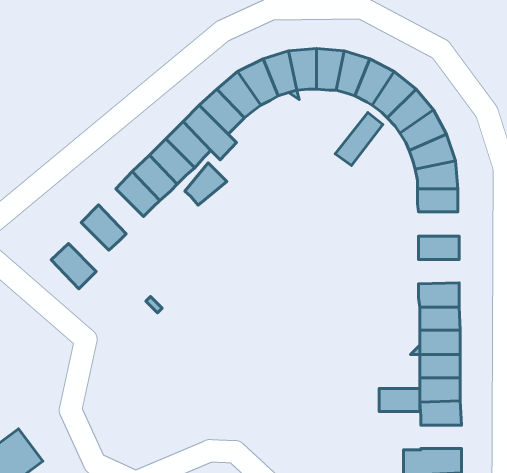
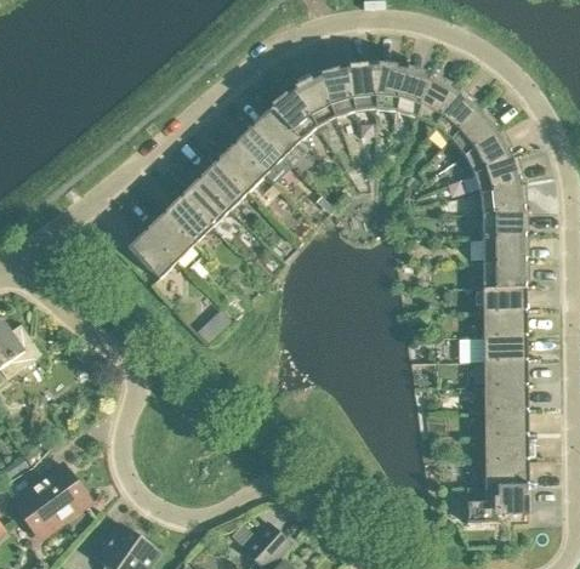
building: [335,113,383,165] -> none
building: [185,163,227,205] -> none
building: none -> [482,237,524,262]
building: [51,244,96,289] -> [147,212,194,260]
building: none -> [482,286,524,312]
building: [379,388,420,412] -> [484,460,527,484]

